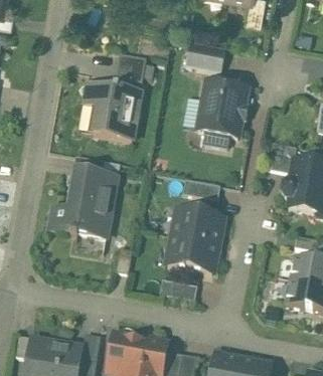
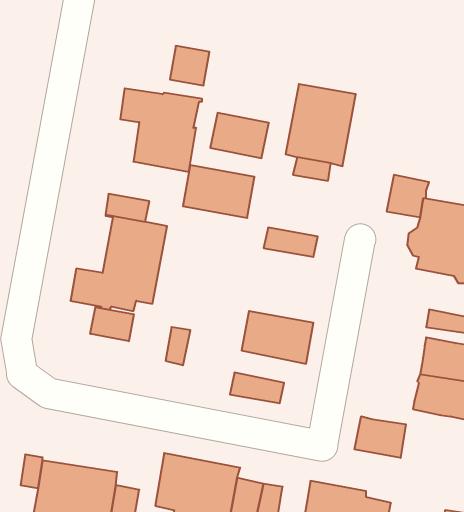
building: [184,41,224,72] -> [210,113,269,158]
building: [172,208,221,244] -> [183,165,255,218]
building: none -> [90,307,134,341]
building: none -> [355,416,406,458]

